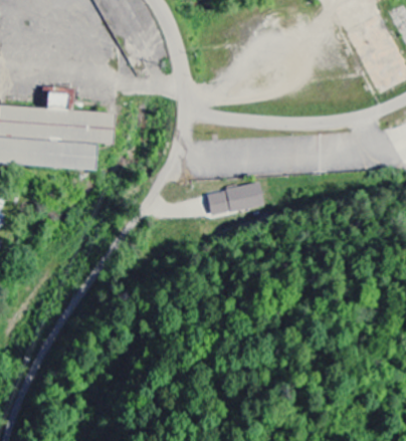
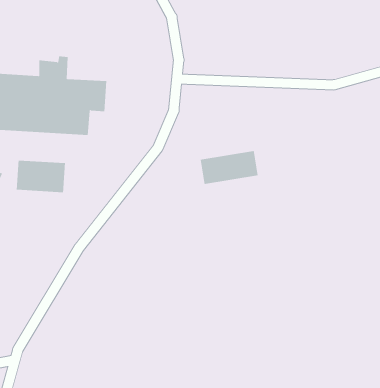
building: none -> [16,160,65,193]

